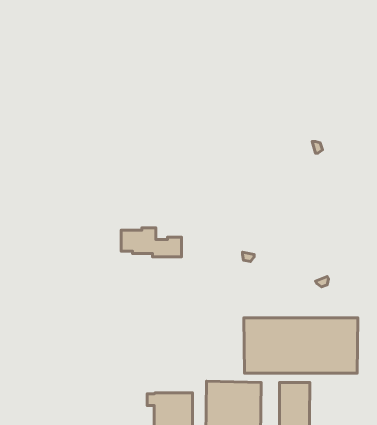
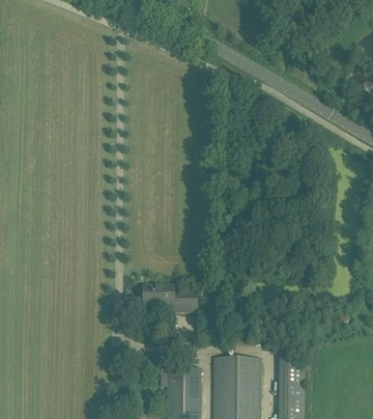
building: [121,228,181,257] -> [143,284,197,310]
building: [244,318,358,373] -> none

